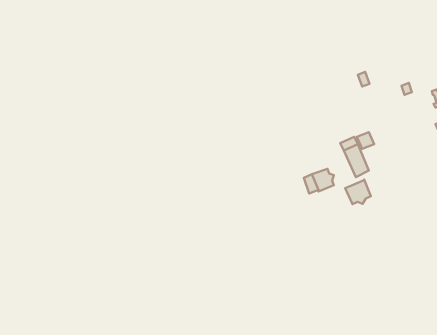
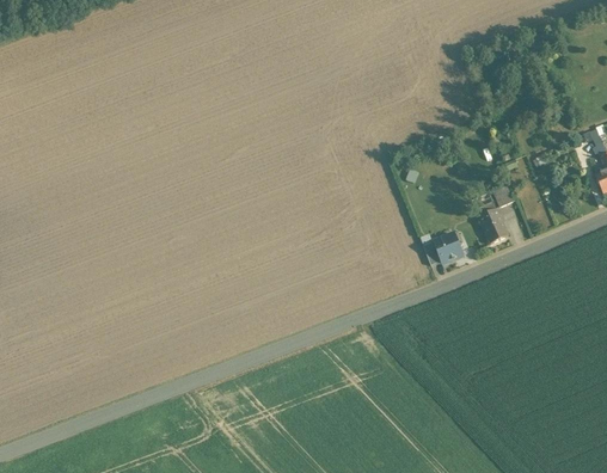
building: [345,180,371,204] -> none

